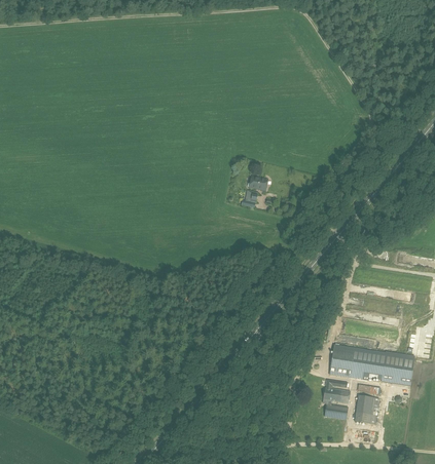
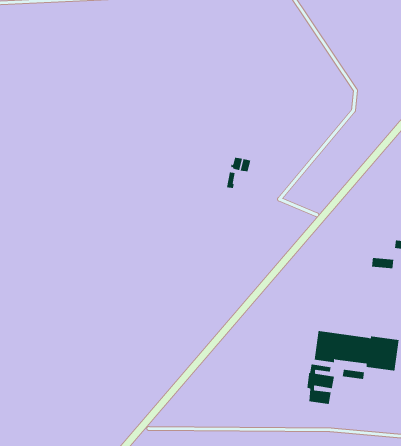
building: [354,394,378,423] -> none

